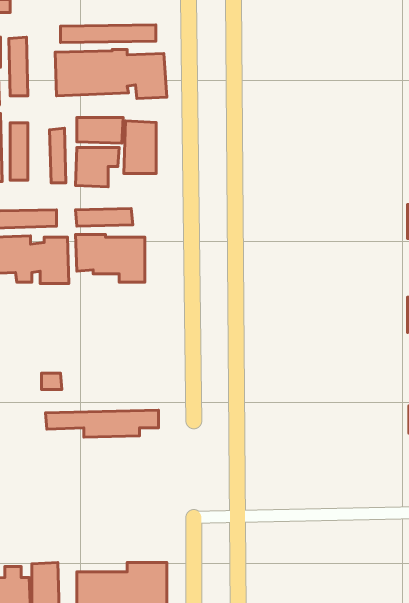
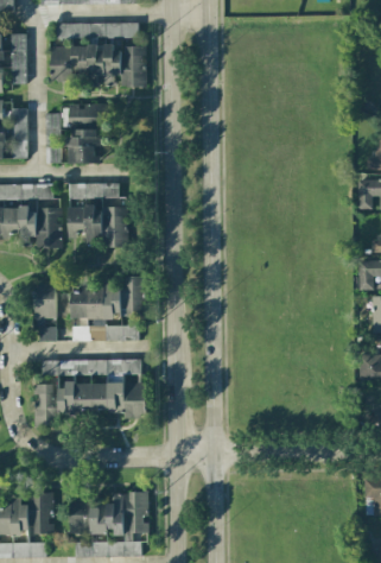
building: [124,121,156,174] -> none
building: none -> [71,276,147,341]
building: none -> [34,283,56,318]
building: none -> [33,381,146,426]

